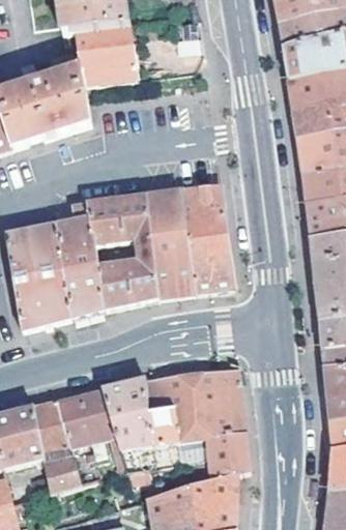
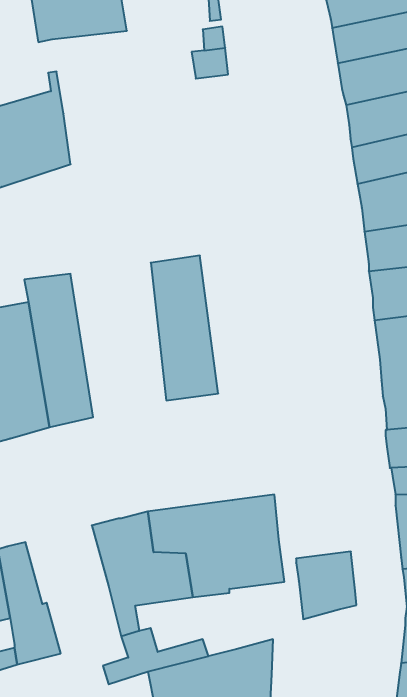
building: [74,26,136,87] -> none
building: [182,186,233,293] -> none
building: [87,197,157,311] -> none
building: [54,390,115,457] -> none
building: [204,432,249,481] -> [296,552,356,619]

